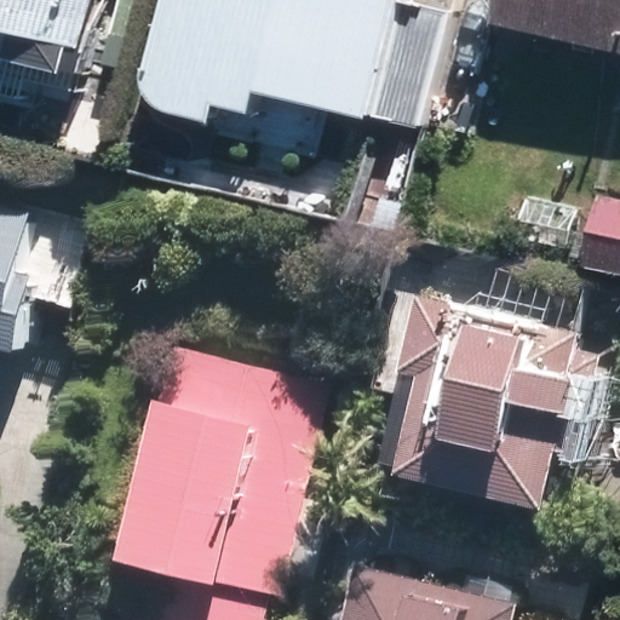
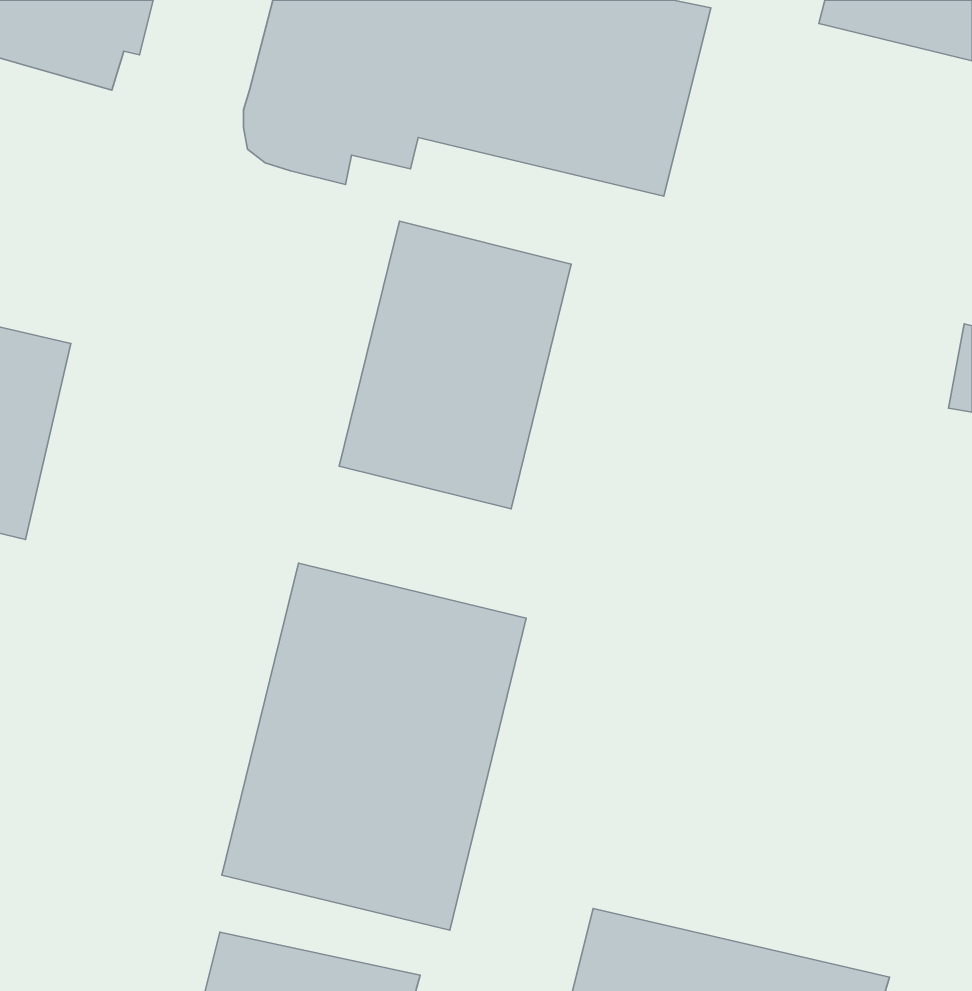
building: none -> [339,221,571,509]
building: [406,300,595,490] -> none

